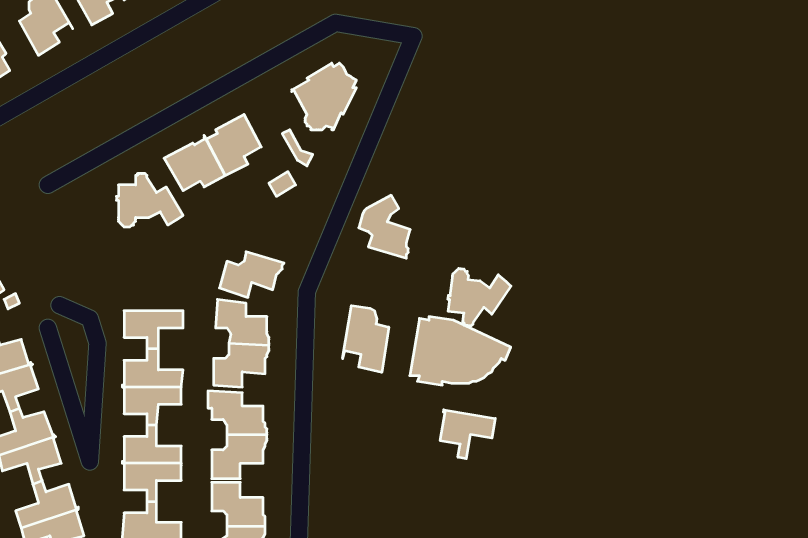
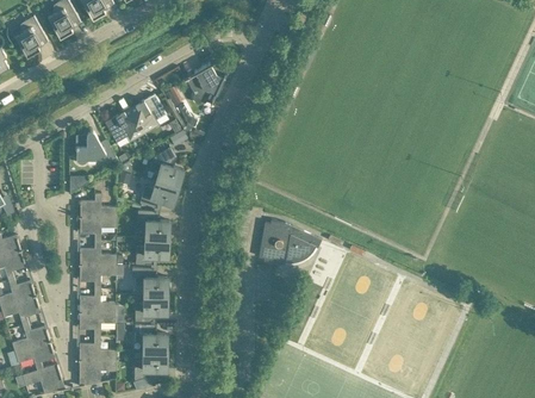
building: [359,195,410,258] -> [149,148,181,187]
building: [448,268,511,326] -> none
building: none -> [77,193,116,217]
building: [343,306,389,372] -> none
building: [440,410,495,459] -> none

